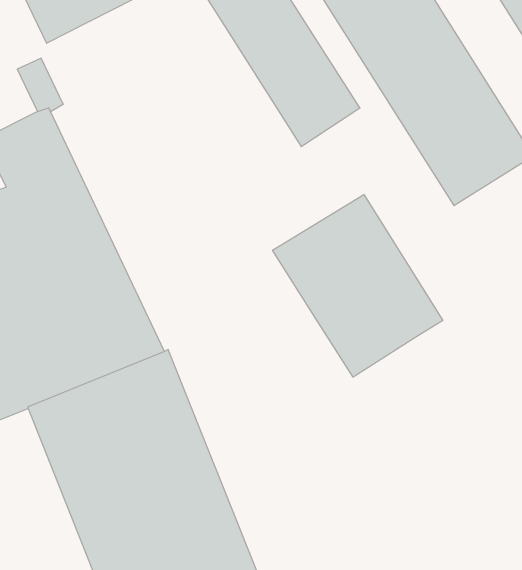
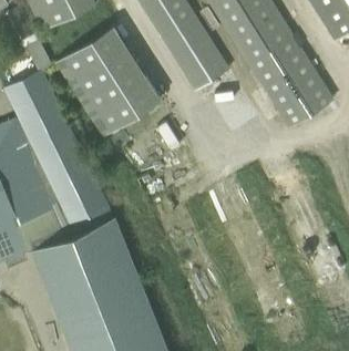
building: none -> [55,22,164,136]
building: [273,195,443,377] -> none

